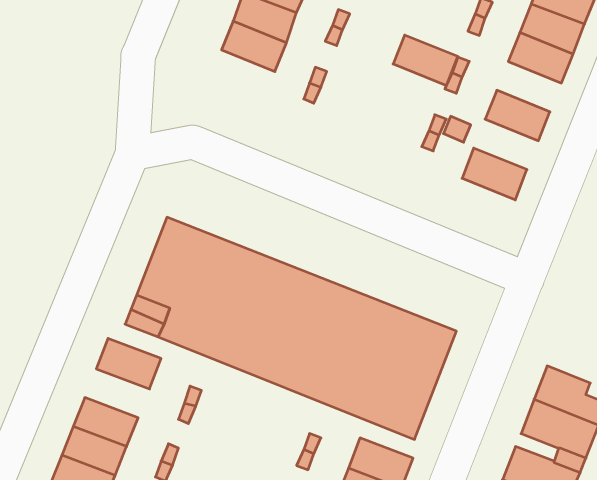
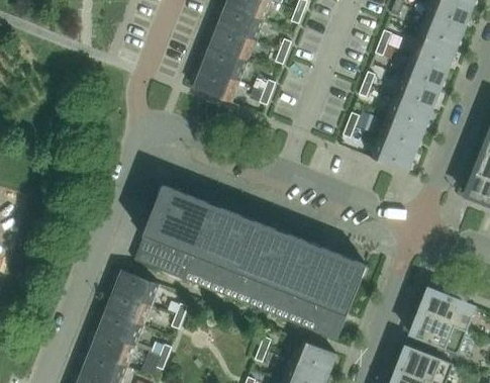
building: [393,35,458,86] -> [394,75,439,110]
building: none -> [193,67,238,102]
building: none -> [378,115,423,151]
building: none -> [105,290,151,324]

